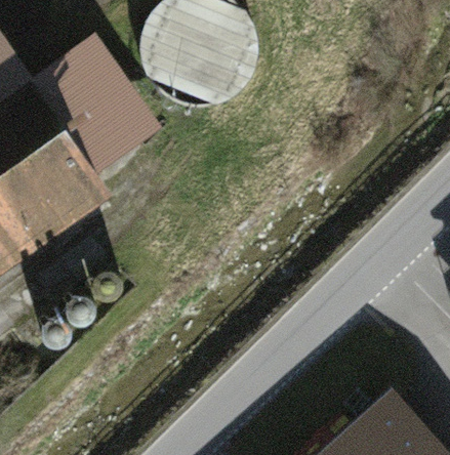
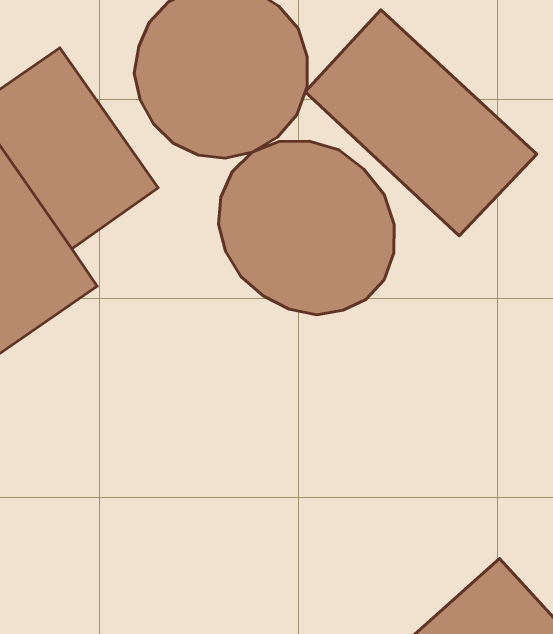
building: none -> [305,10,537,236]
building: none -> [219,141,394,315]

